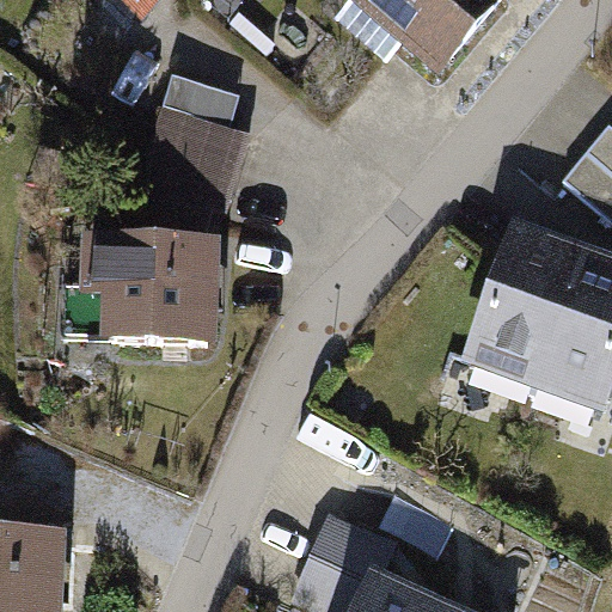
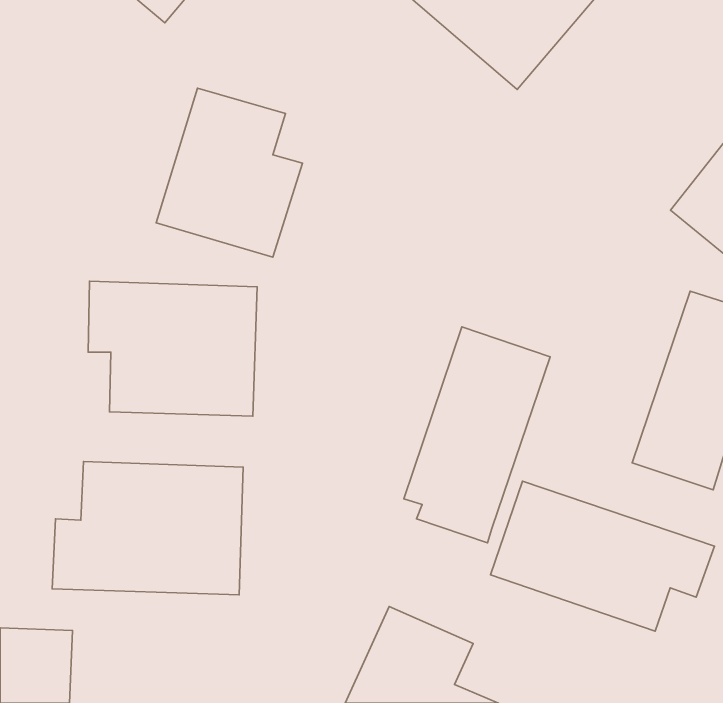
building: [460,220,583,402] -> [404,327,550,543]
building: none -> [52,461,243,595]
building: none -> [491,481,715,631]

